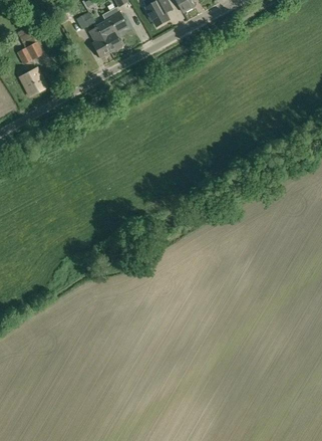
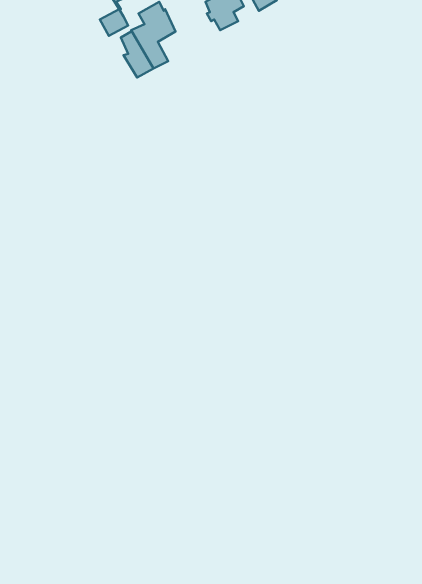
building: [18,30,44,64] -> none
building: [21,67,48,95] -> none

